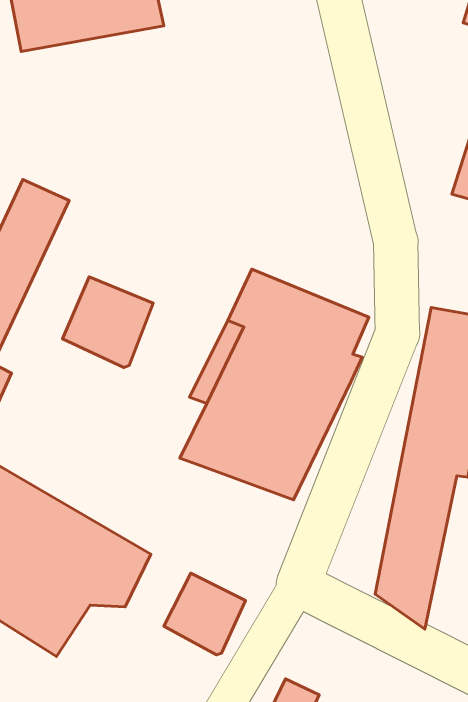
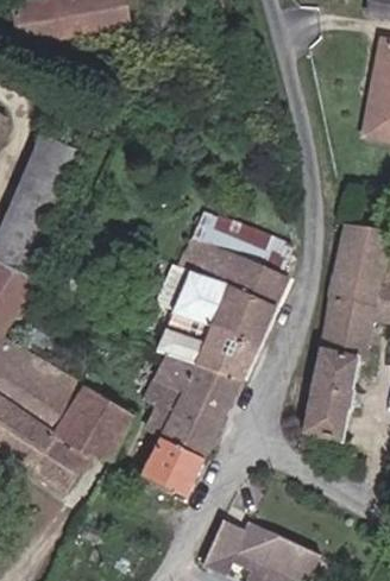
building: [63,277,153,368] -> none
building: none -> [147,348,240,449]

